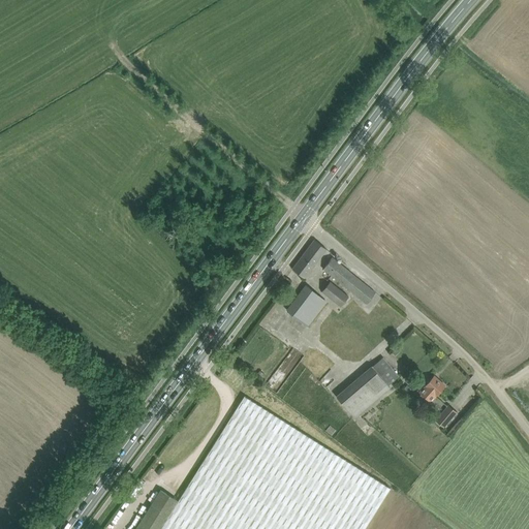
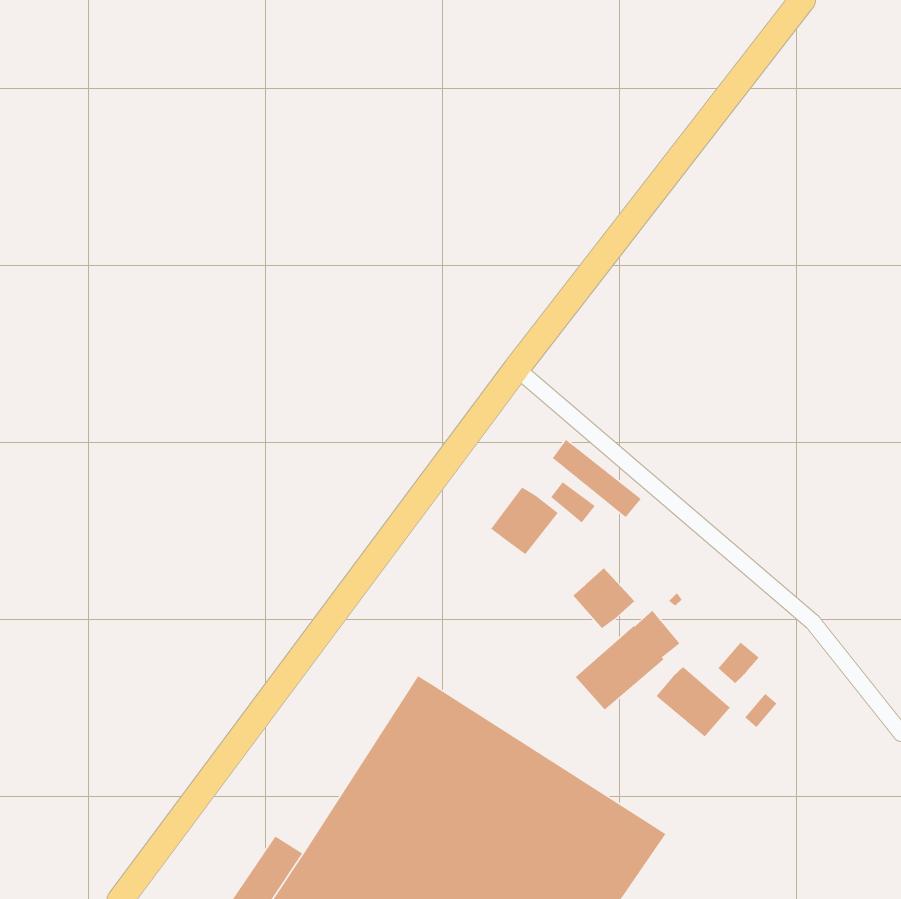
building: [292,241,326,279] -> none
building: none -> [572,568,635,629]
building: none -> [655,666,731,737]

